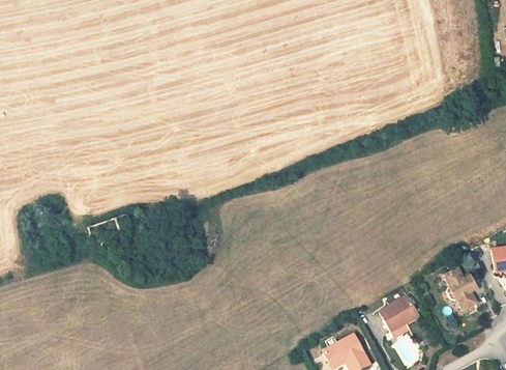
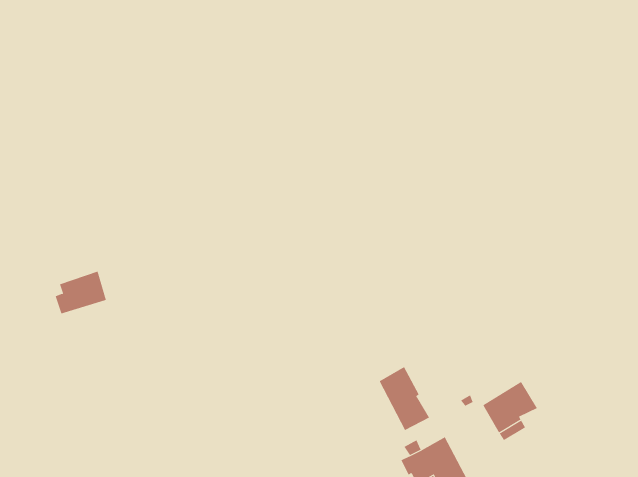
building: [444,267,478,310] -> none
building: none -> [379,366,430,431]

